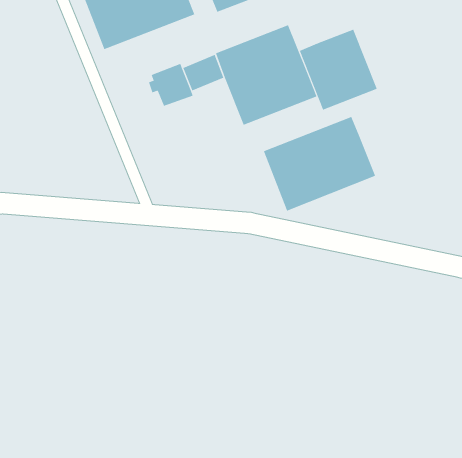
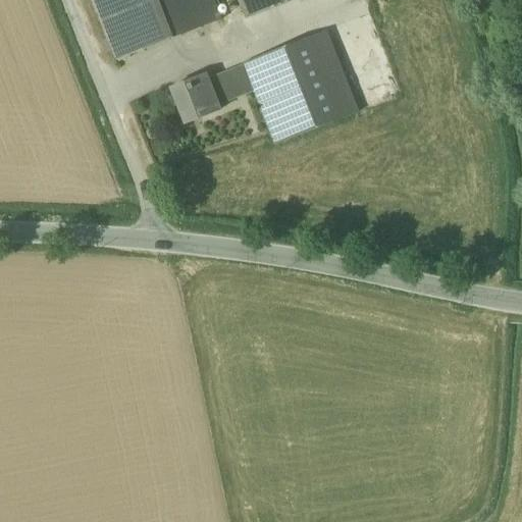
building: [299,29,378,111] -> none
building: [263,116,376,212] -> none

